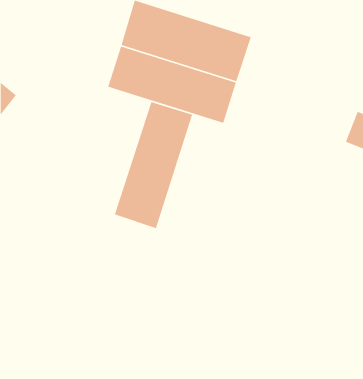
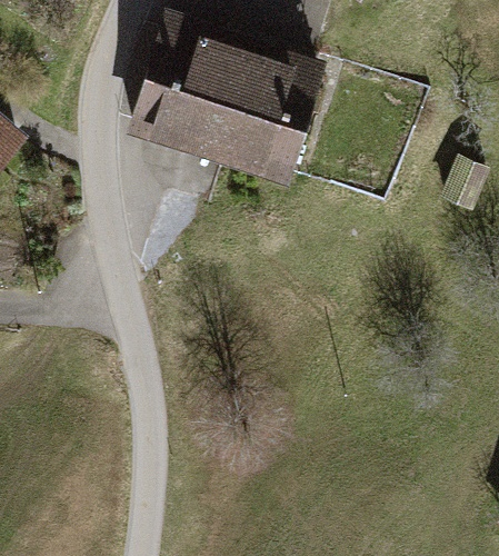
building: [114,101,193,229] -> none

